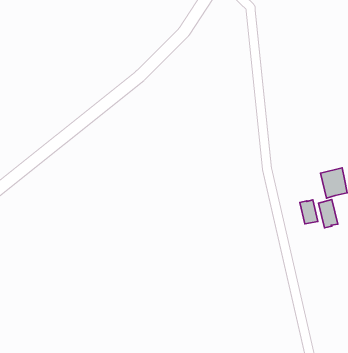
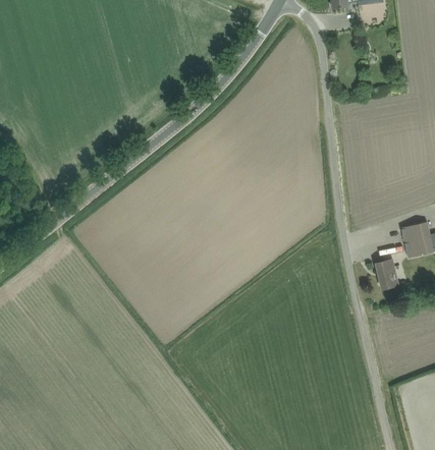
building: [319,199,338,228] -> none

